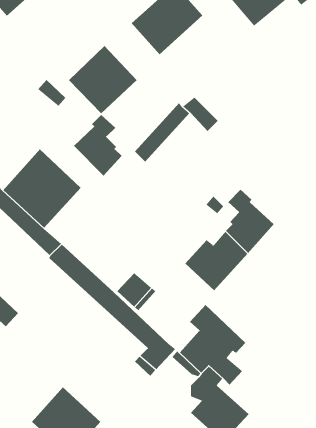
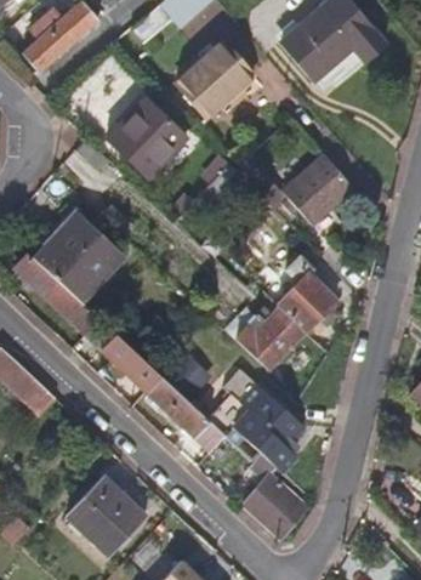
building: none -> [281,155,353,226]
building: [73,114,122,176] -> none

